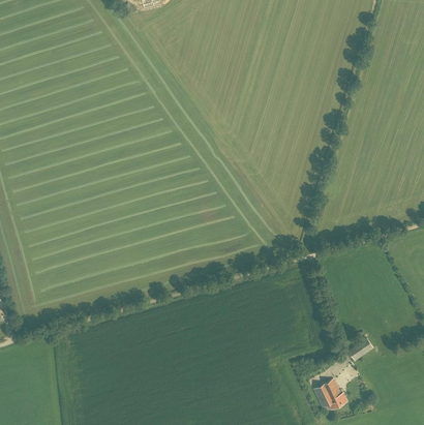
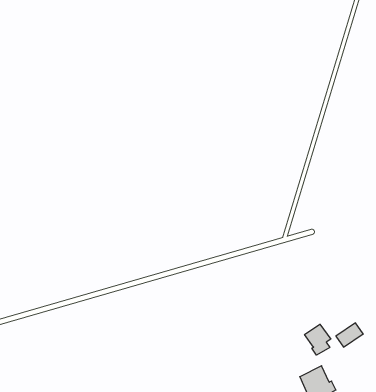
building: none -> [305,324,331,355]

